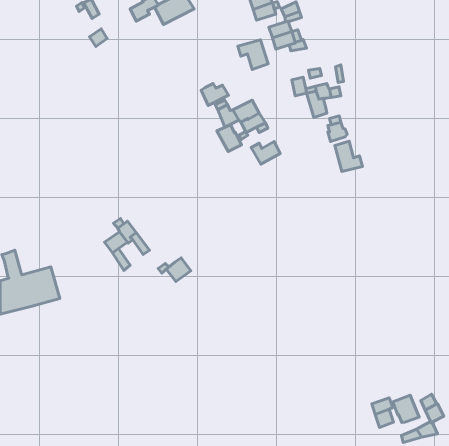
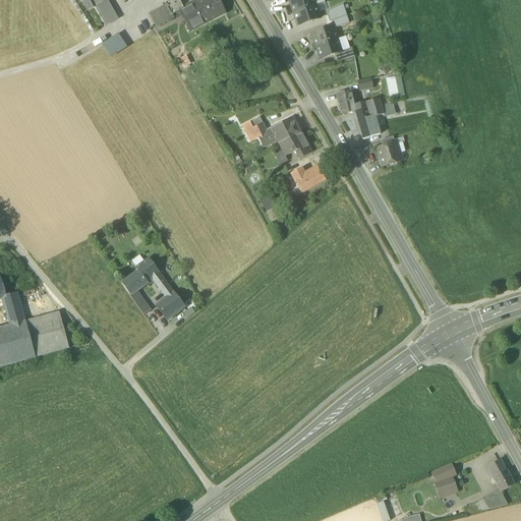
building: [238,40,268,70] -> none
building: [201,83,229,105] -> none
building: [217,125,242,152] -> none
building: [335,141,362,172] -> none
building: [166,258,191,281] -> [156,290,184,317]
building: [393,395,419,422] -> none

